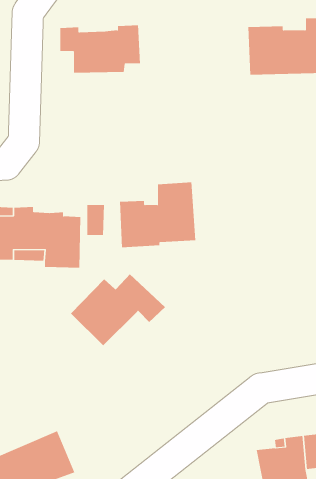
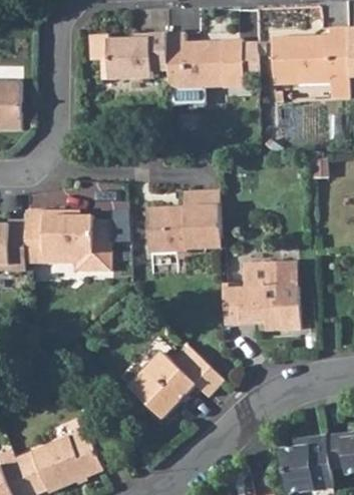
building: none -> [165,32,245,87]
building: none -> [224,262,299,329]
building: [70,273,166,346] -> [131,347,225,418]

